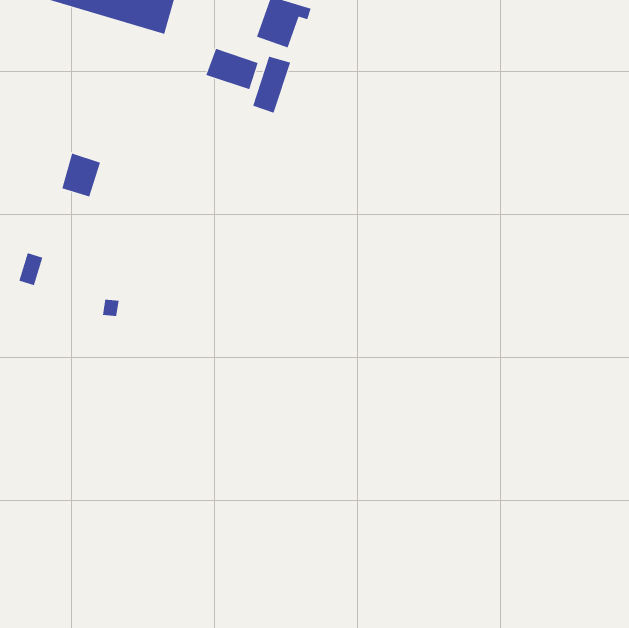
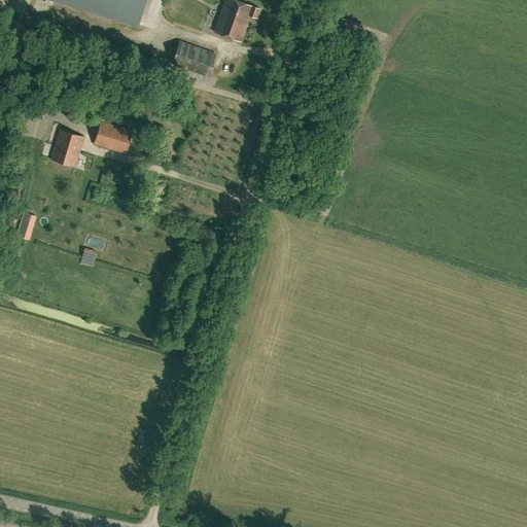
building: [252,56,291,114] -> none
building: none -> [94,120,133,152]

